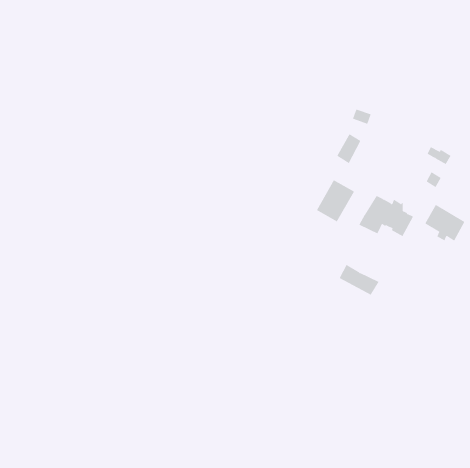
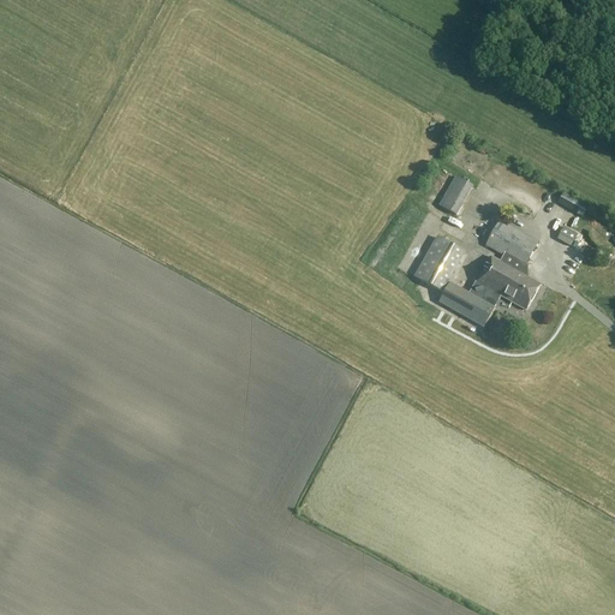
building: [425,204,465,241] -> [484,217,537,265]
building: [339,264,380,296] -> [440,282,492,323]

